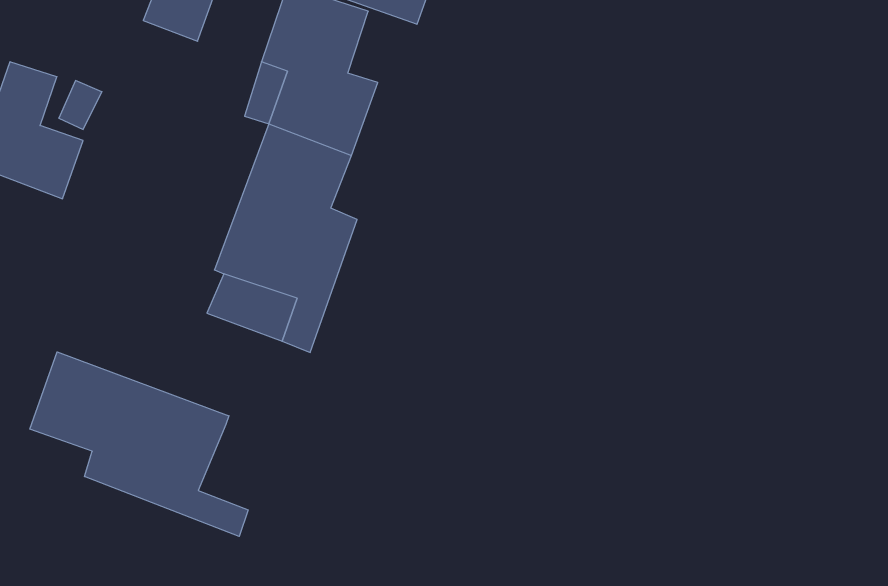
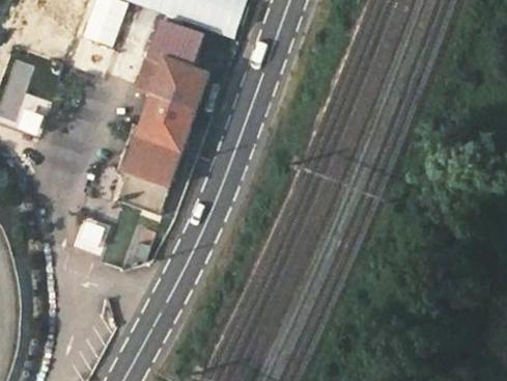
building: [30,352,248,536] -> none

